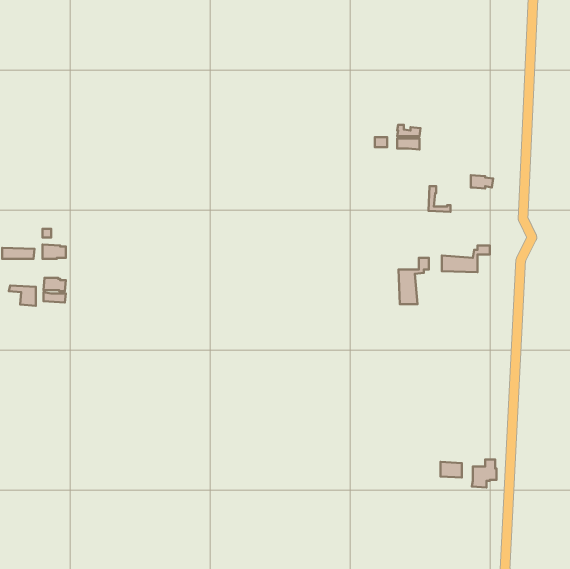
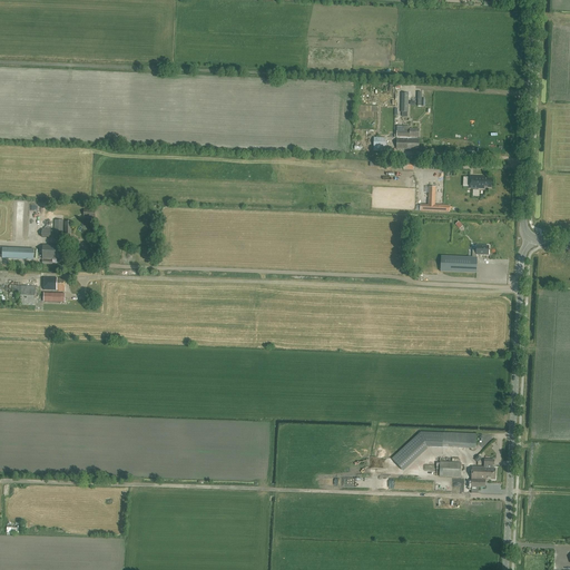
building: [399,258,429,304] -> none
building: none -> [392,431,476,466]

